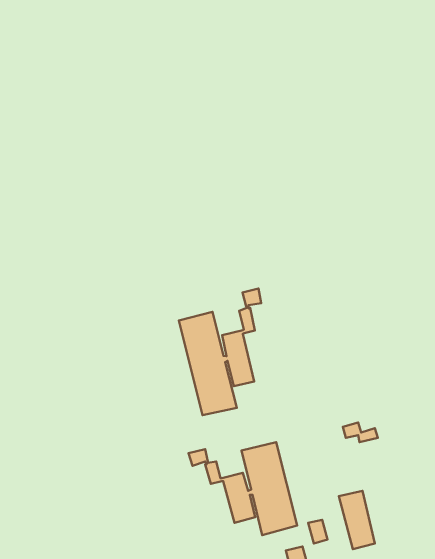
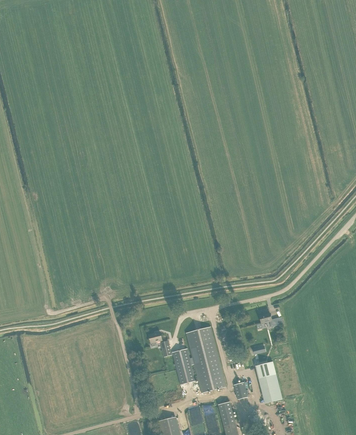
building: [179,288,261,415] -> none

